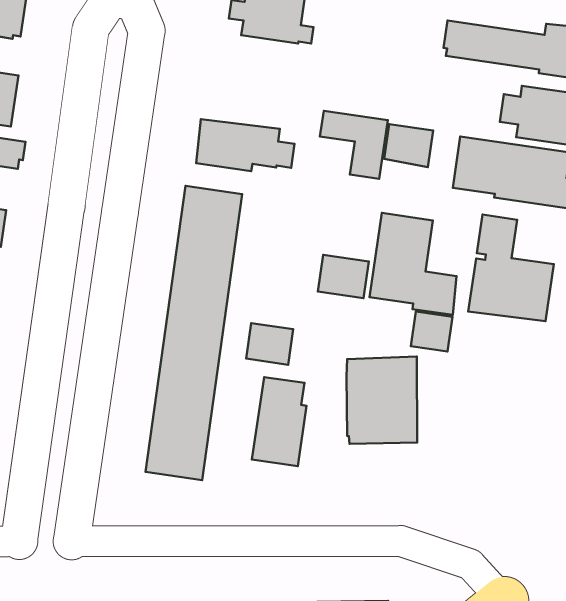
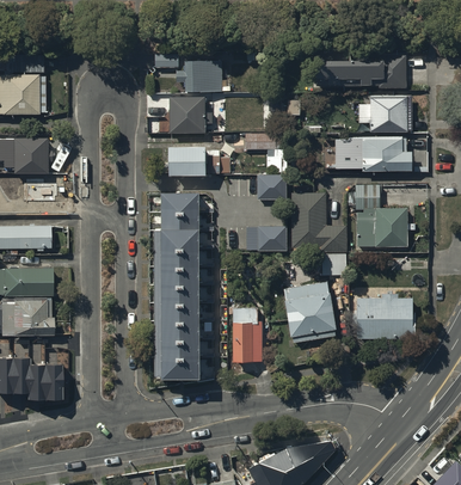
building: none -> [168,98,210,134]
building: [384,124,433,167] -> [257,174,285,198]
building: [246,323,293,365] -> none
building: none -> [355,294,410,338]

